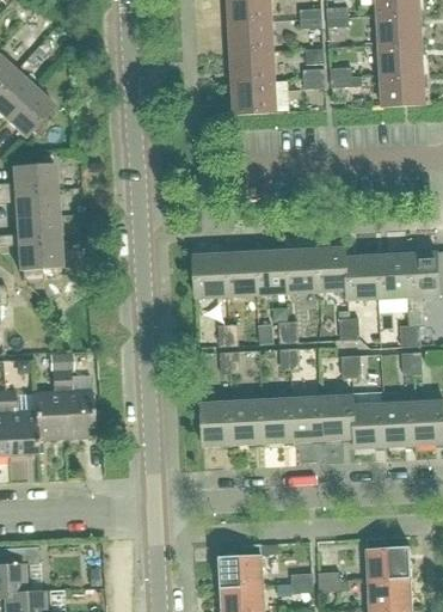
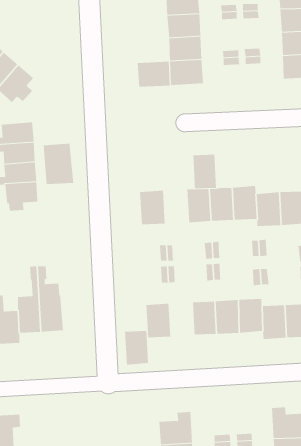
building: none -> [137,61,170,88]
building: none -> [43,143,74,185]
building: [224,251,257,296] -> [192,154,217,189]
building: [232,399,264,445] -> [124,330,149,365]

